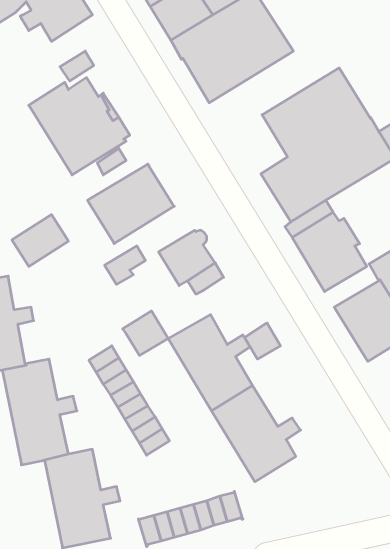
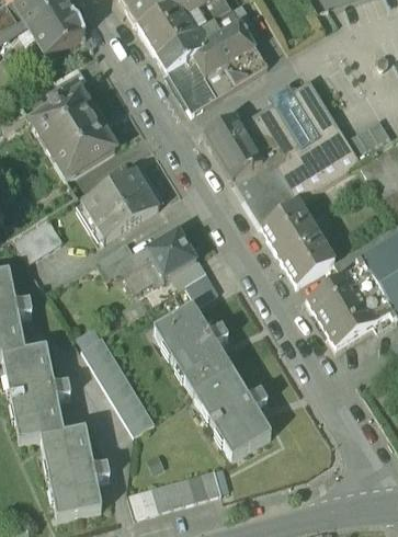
building: none -> [205,115,263,181]
building: [123,311,168,355] -> [120,249,161,289]
building: [244,323,280,359] -> [186,271,219,304]

